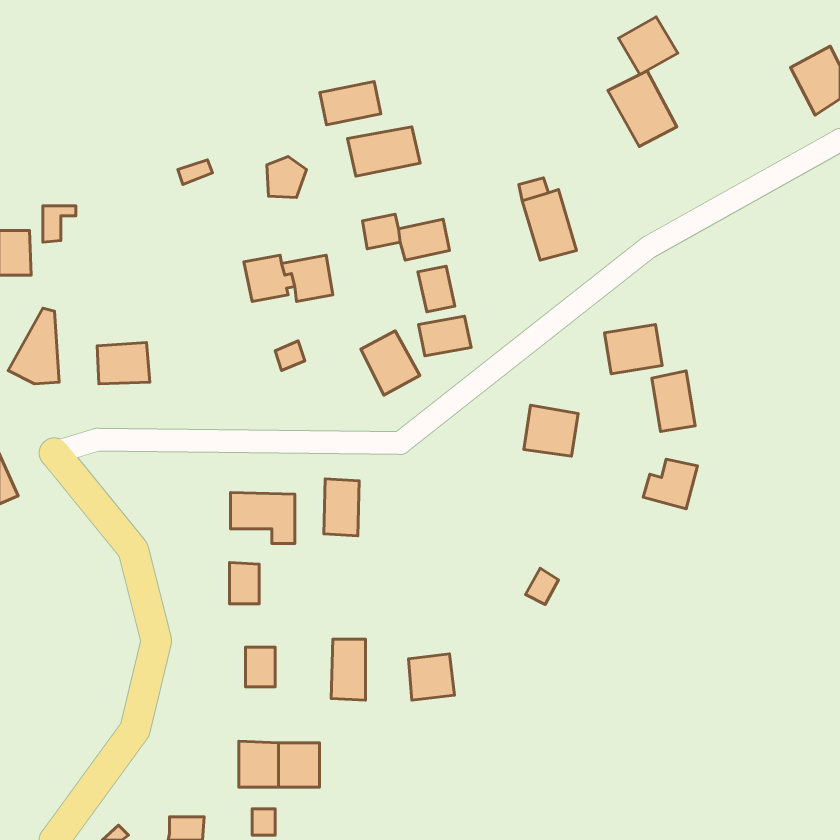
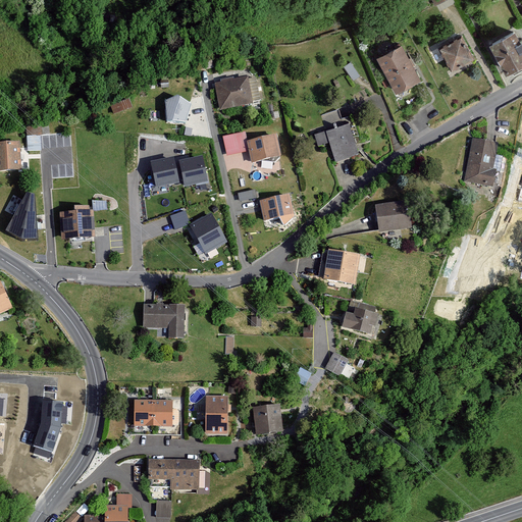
building: [618,17,678,74] -> [436,34,473,69]
building: [320,82,381,125] -> none
building: none -> [463,139,502,187]
building: [418,266,455,312] -> none
building: [361,331,420,395] -> [190,214,226,254]
building: [652,371,695,432] -> none
building: [643,459,698,509] -> [342,302,375,332]
building: [324,479,359,536] -> none
building: [229,563,259,604] -> [134,400,152,425]
building: none -> [33,401,62,453]

